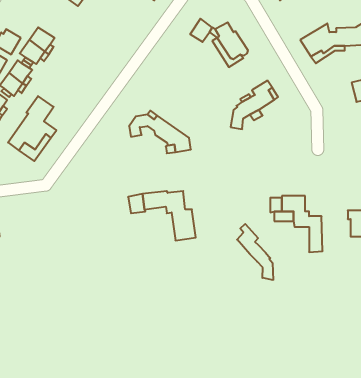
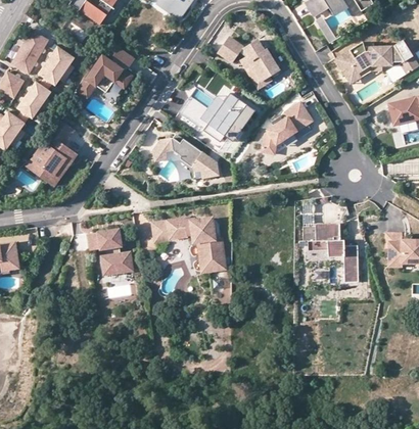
building: none -> [24,30,48,57]
building: none -> [77,47,135,97]
building: none -> [178,93,255,142]
building: none -> [89,228,134,276]
building: [237,224,273,280] -> none

